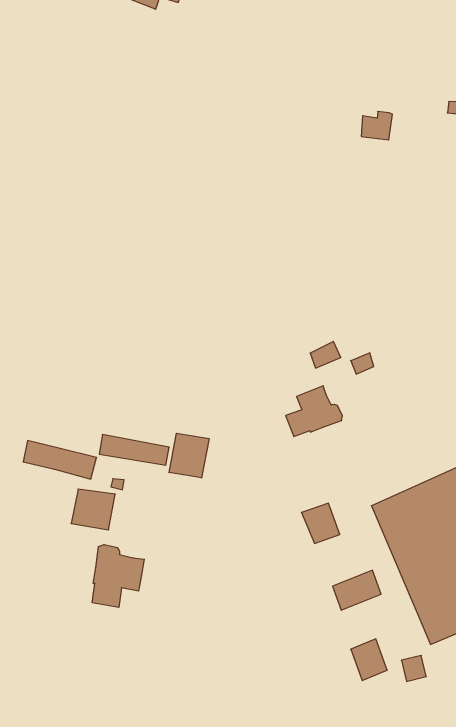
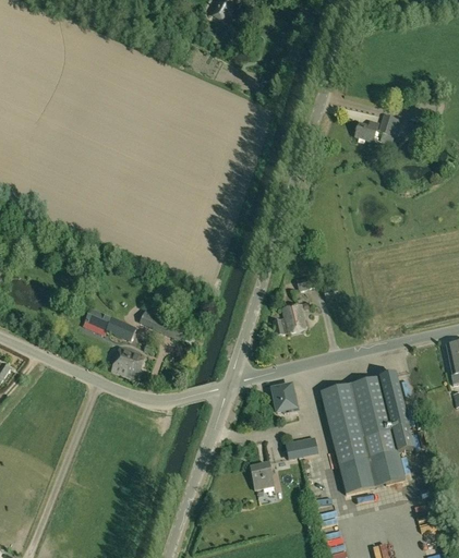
building: none -> [379,113,409,136]
building: [169,433,209,478] -> none
building: [92,544,144,607] -> none
building: [351,639,387,681] -> [250,462,273,489]

